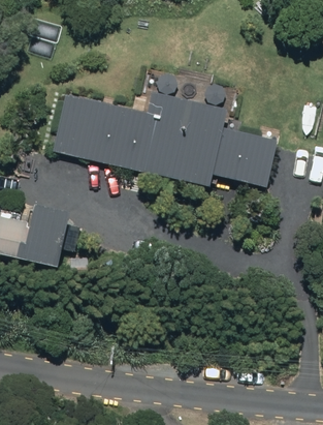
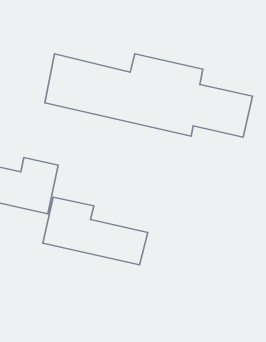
building: none -> [43,197,148,265]

